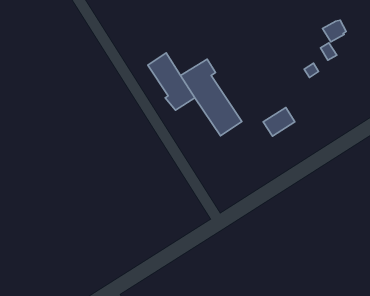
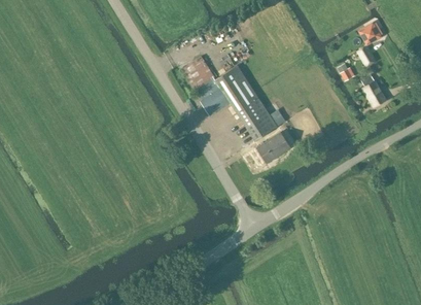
building: none -> [362,73,387,106]
building: [263,108,295,136] -> [257,132,289,161]

